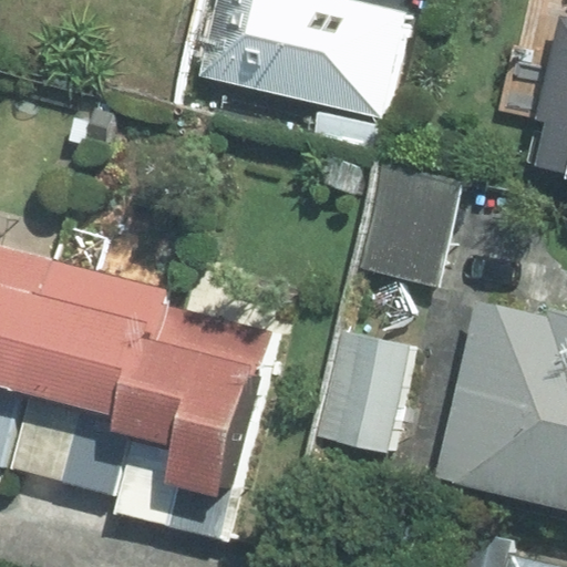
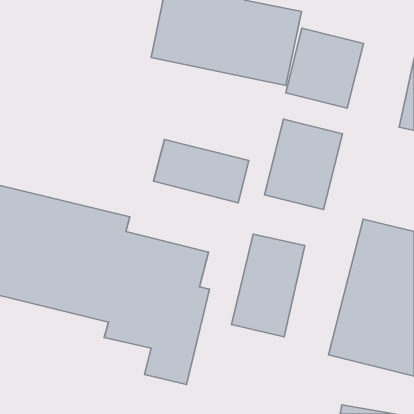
building: none -> [286,28,363,108]
building: none -> [154,139,249,203]

